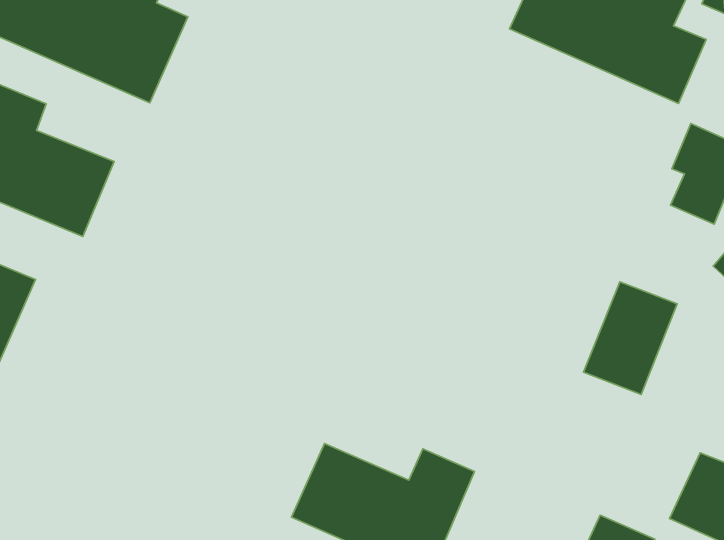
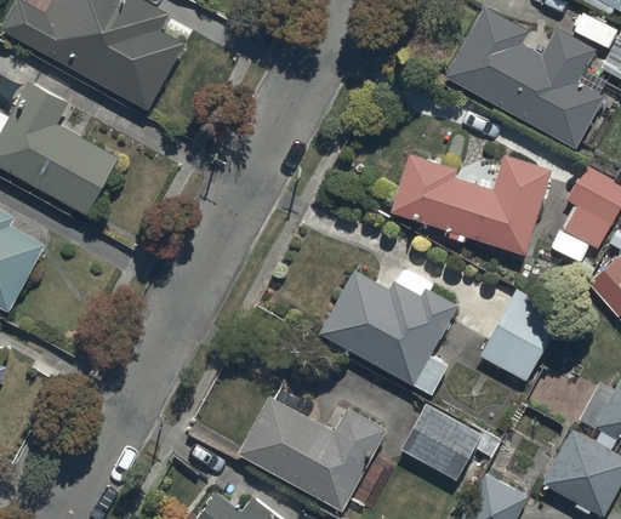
building: none -> [391,155,552,256]
building: none -> [319,266,458,395]
building: none -> [401,407,479,478]

